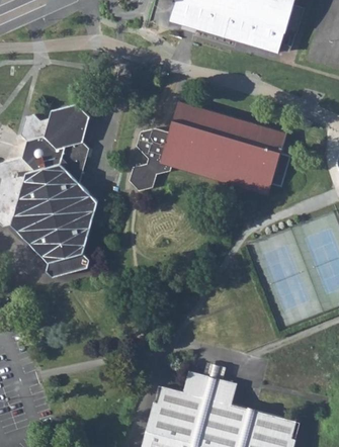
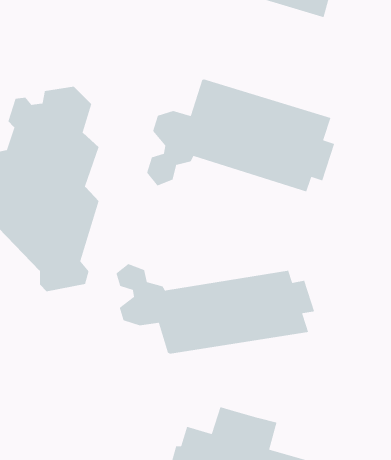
building: none -> [115,263,315,354]

